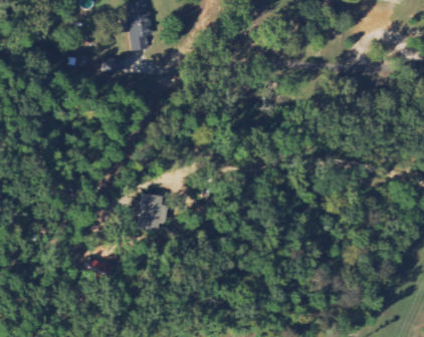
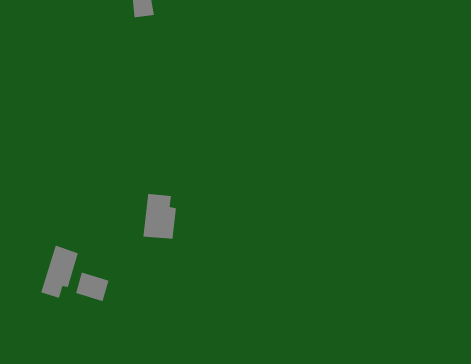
building: none -> [40,245,79,299]

